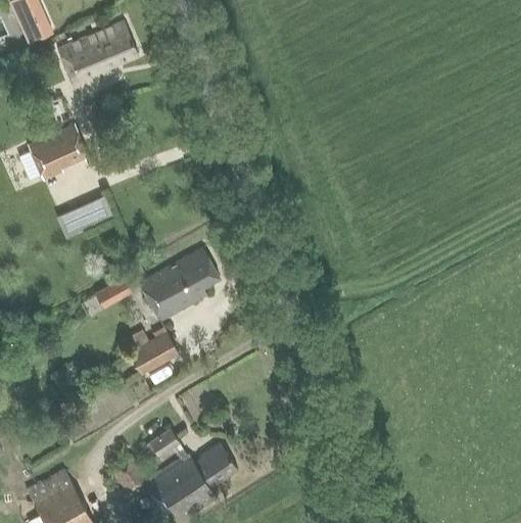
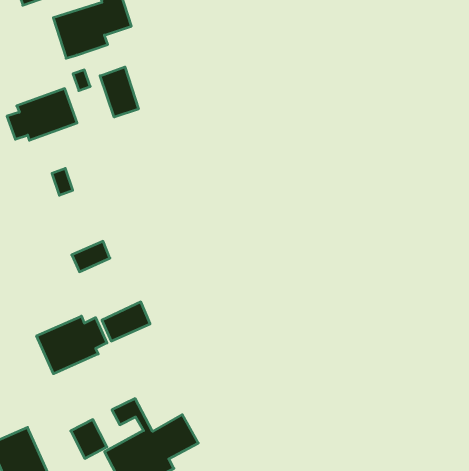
building: none -> [100,67,138,117]
building: [138,247,220,321] -> none
building: none -> [37,316,107,374]

